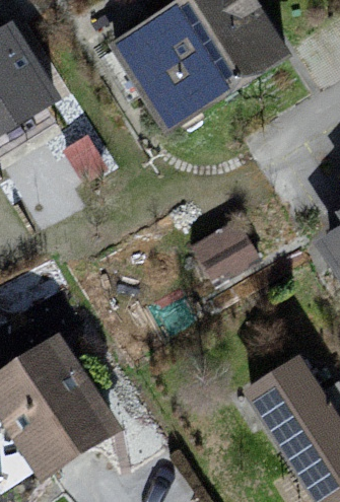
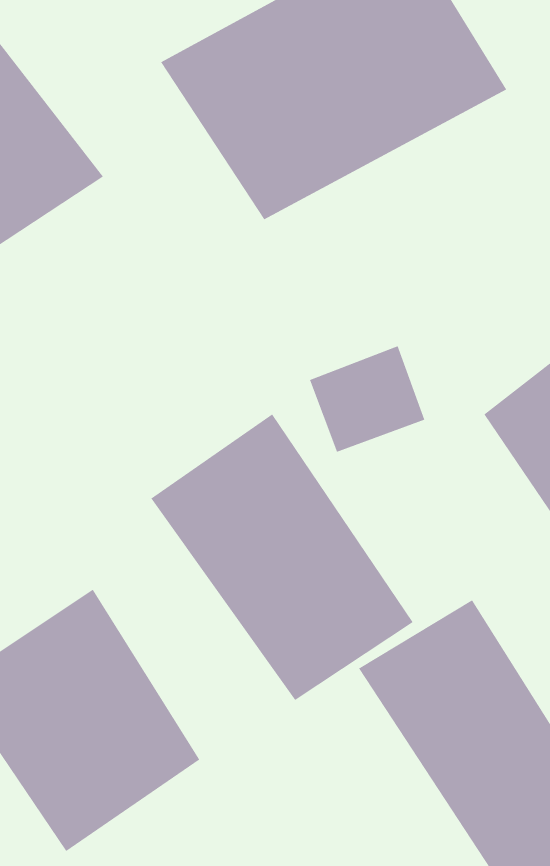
building: none -> [150,414,414,701]

